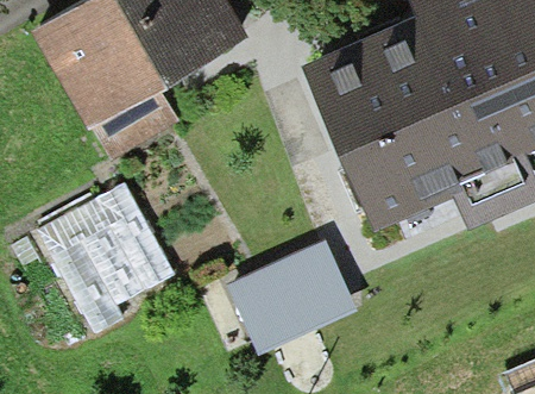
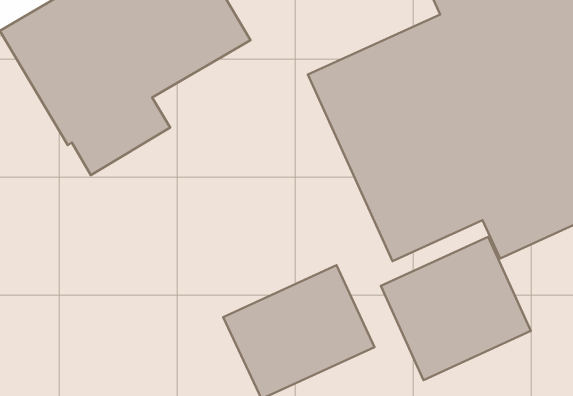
building: [38,180,174,331] -> none
building: none -> [381,237,531,380]

